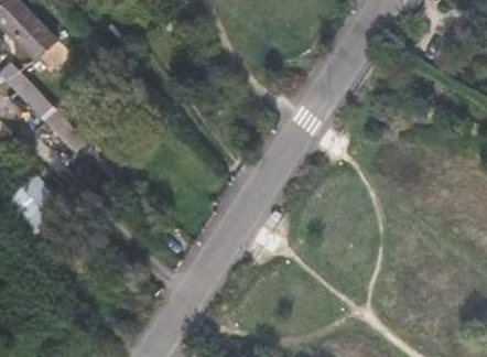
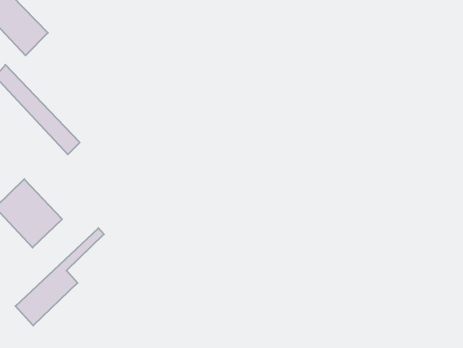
building: none -> [15,228,104,326]

